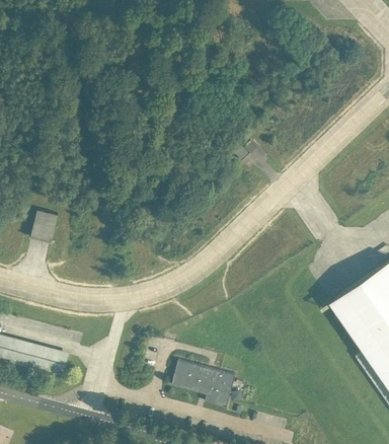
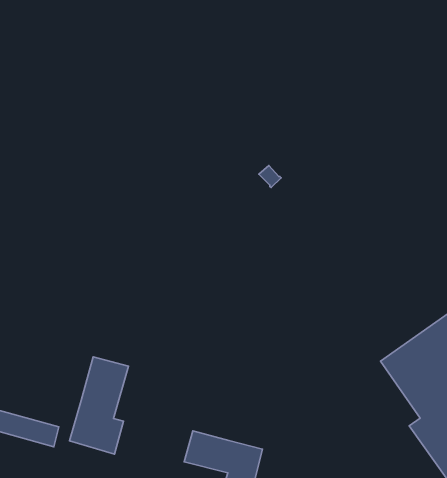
building: [28,210,58,243] -> none
building: none -> [70,357,129,454]

